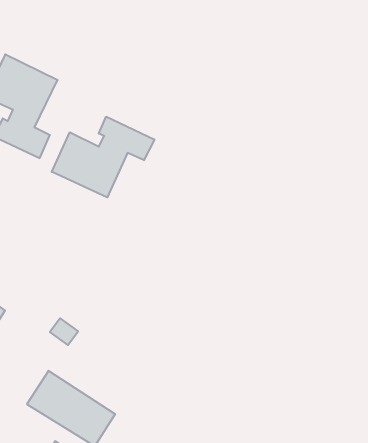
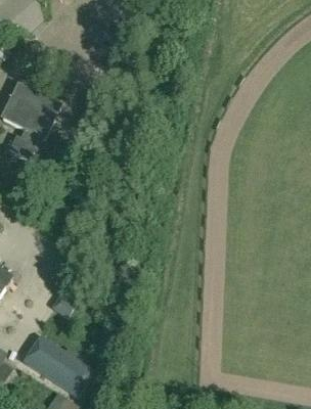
building: [52,117,154,197] -> none

